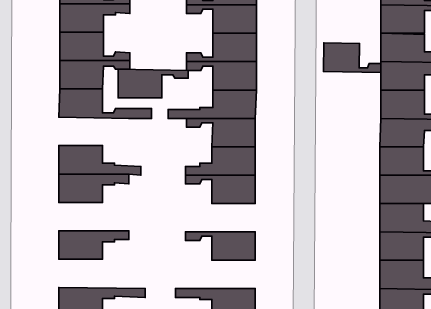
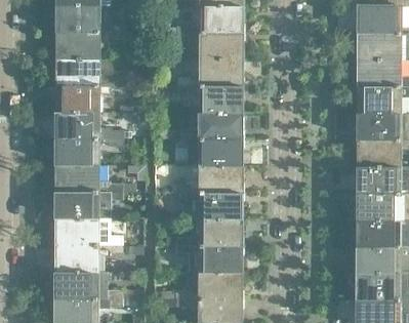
building: [324,43,381,72] -> none
building: [118,69,188,98] -> [56,138,122,165]
building: none -> [56,218,122,245]
building: none -> [175,219,241,246]
building: none -> [56,272,137,299]
building: none -> [166,273,241,299]

